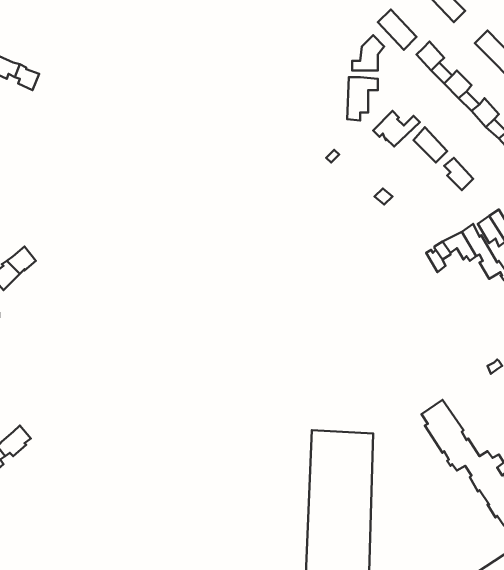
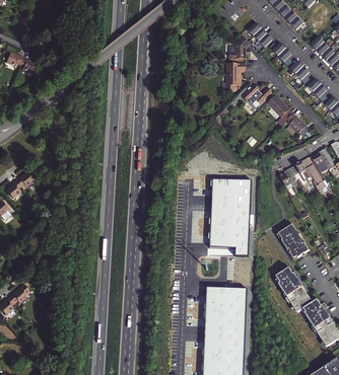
building: none -> [208,177,250,255]
building: none -> [278,223,310,257]

